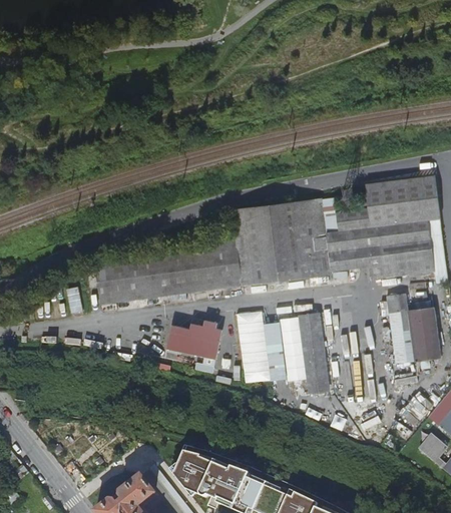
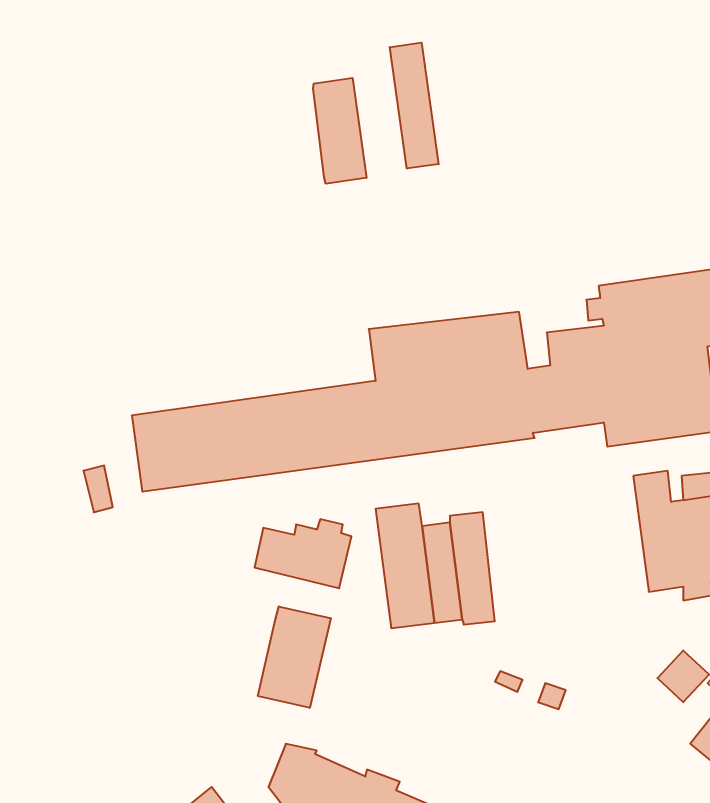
building: none -> [390,43,439,169]
building: none -> [313,78,366,184]
building: [299,313,330,395] -> none
building: none -> [258,606,331,708]

